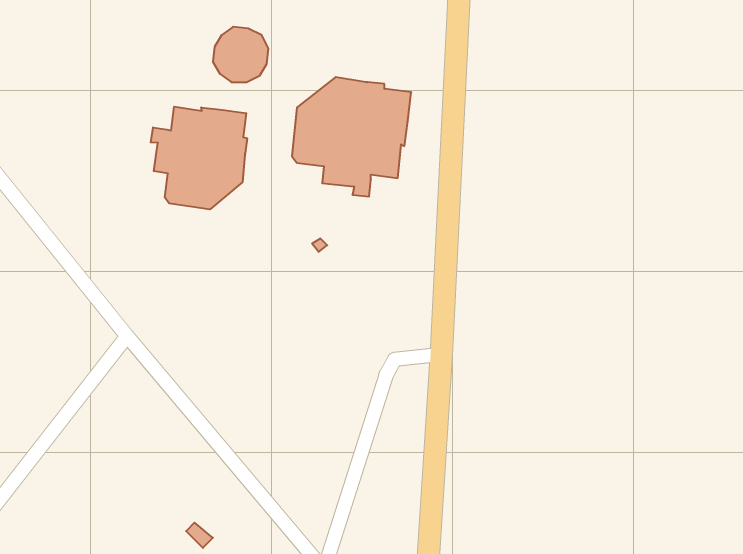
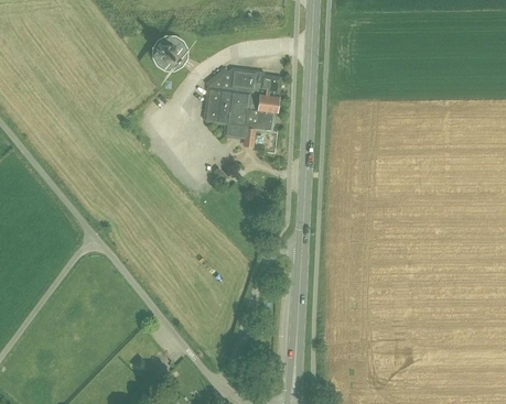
building: [151,107,247,209] -> none

